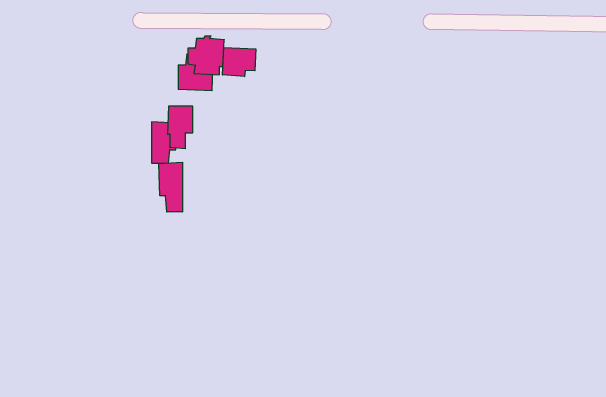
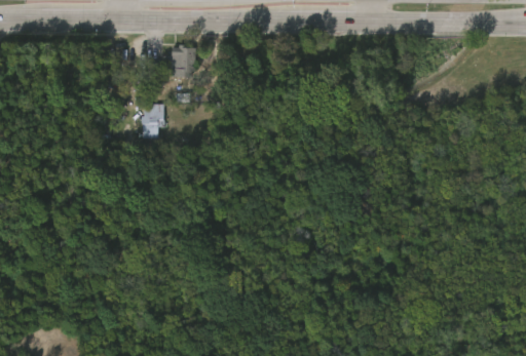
building: [223,47,256,77] -> none
building: [159,162,182,212] -> none

